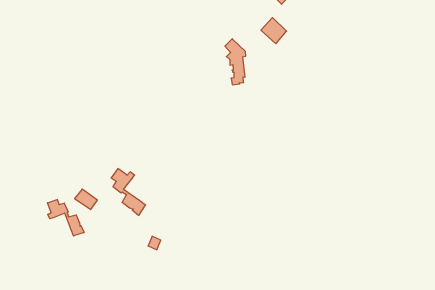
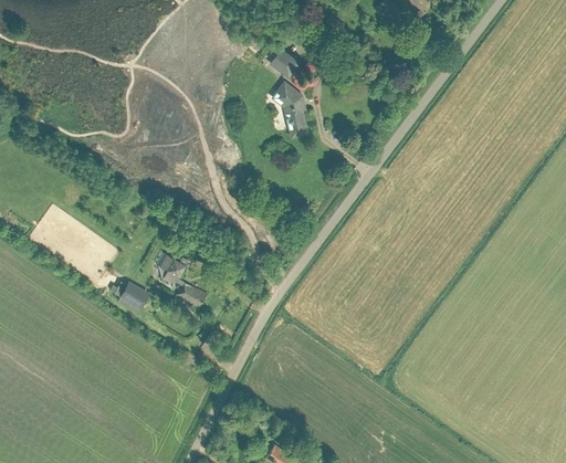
building: [261,18,287,44] -> [270,49,301,80]
building: [47,199,84,236] -> none

